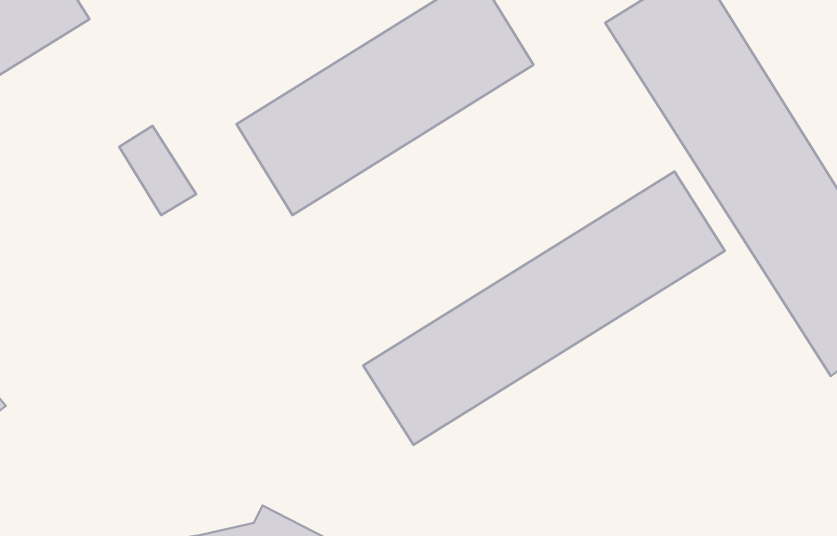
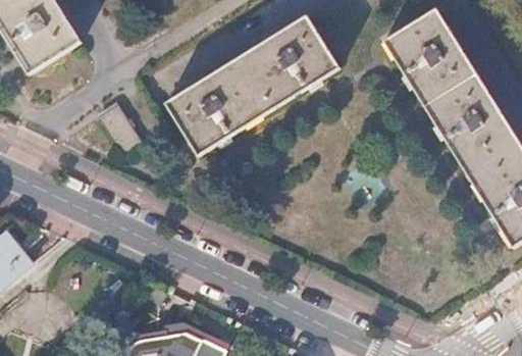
building: [363,171,725,445] -> none

